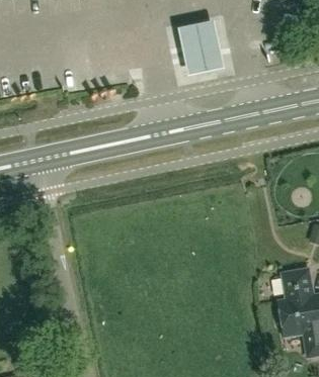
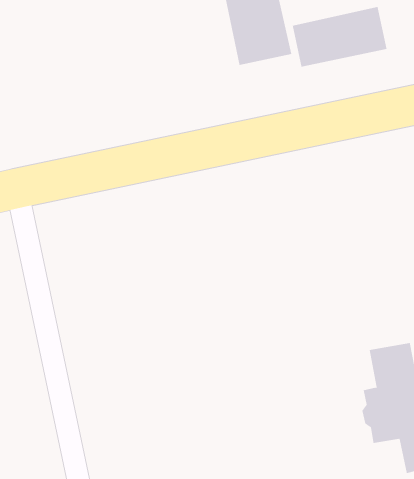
building: none -> [292,6,387,67]

